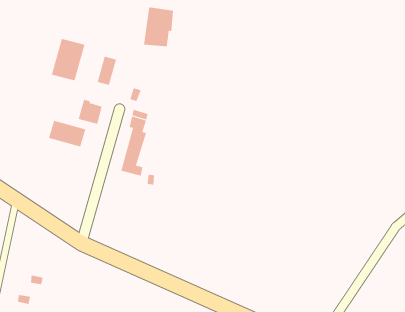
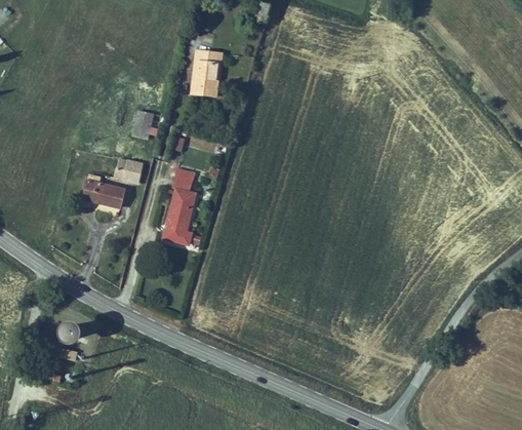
building: [51,38,85,81] -> none
building: none -> [57,326,80,349]

